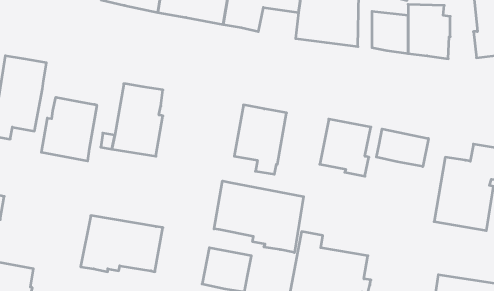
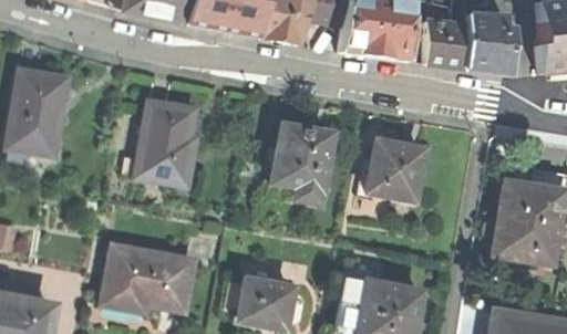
building: [41,97,97,161] -> none
building: [376,129,428,167] -> none
building: [214,181,304,253] -> none

